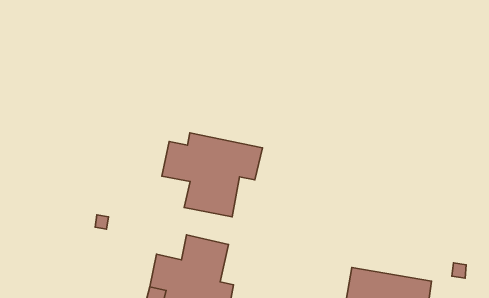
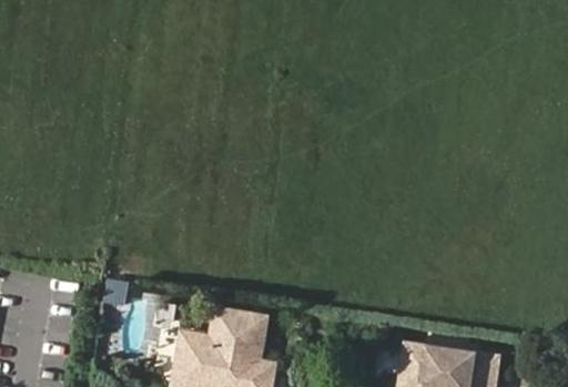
building: [162,133,262,217] -> none

